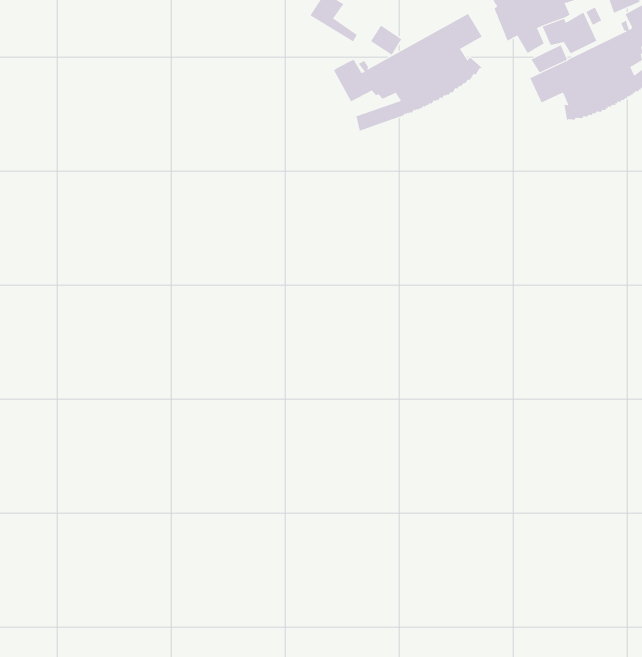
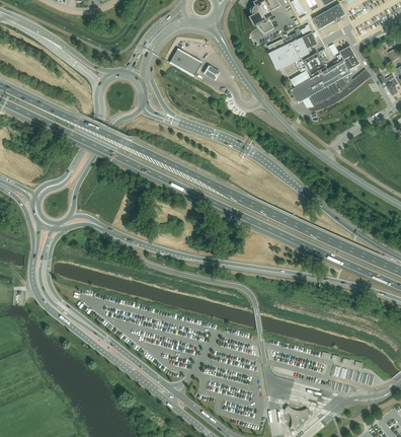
building: [333,13,483,131] -> none

